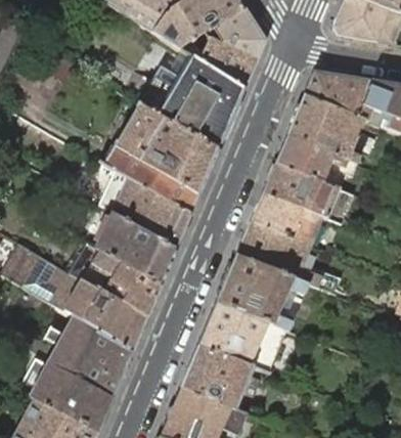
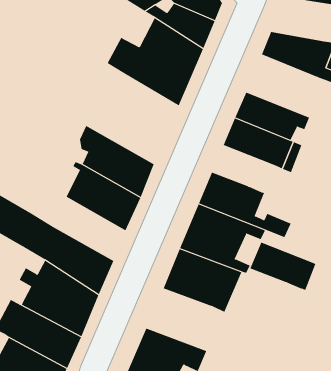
building: [288,94,365,163] -> none
building: [104,103,217,212] -> none
building: [252,191,323,244] -> [249,242,316,290]
building: [82,242,160,315] -> none
building: [181,345,253,411] -> none

